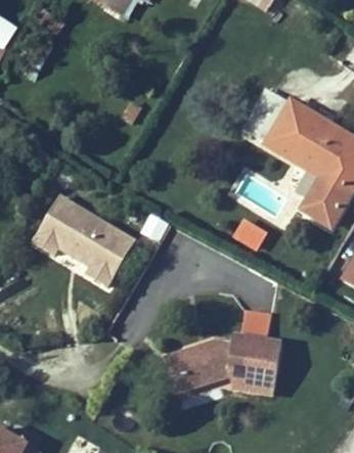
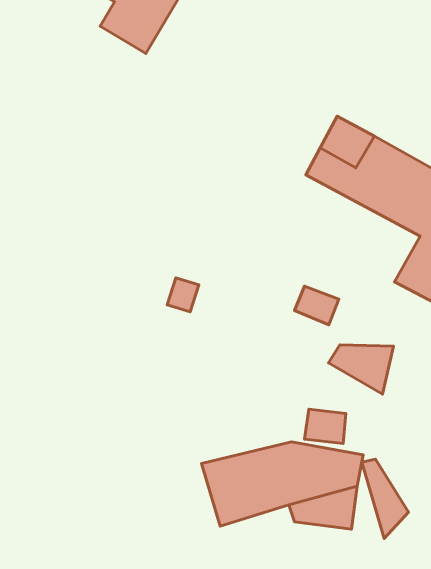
building: [40,208,140,296] -> none
building: none -> [328,345,393,394]
building: none -> [362,459,408,539]

